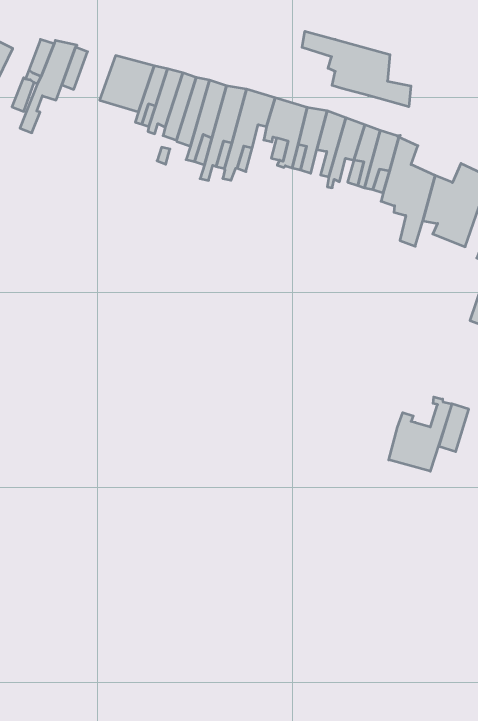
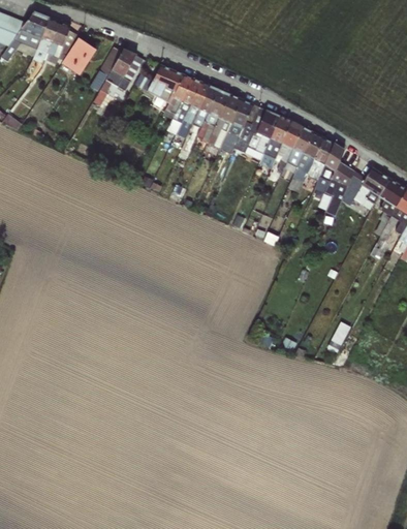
building: [302,31,411,107] -> none
building: [389,397,452,471] -> none

